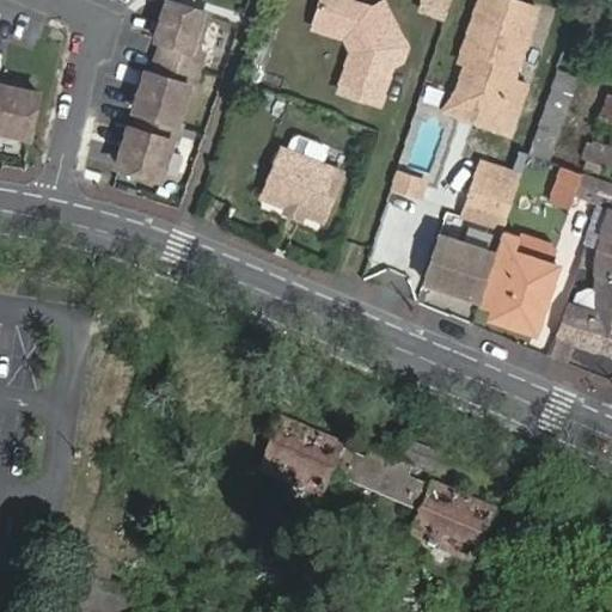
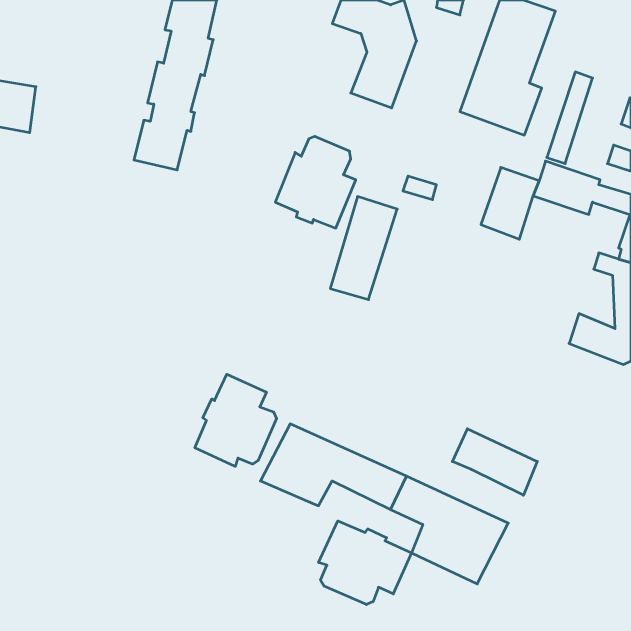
building: [427,220,491,319] -> [330,197,397,300]
building: [477,233,551,329] -> none
building: none -> [195,374,277,466]
building: none -> [452,429,537,495]
building: none -> [319,521,412,605]

